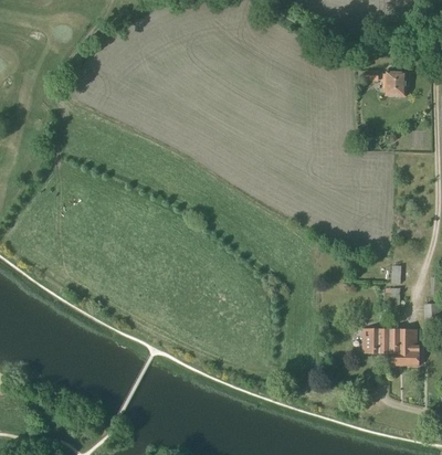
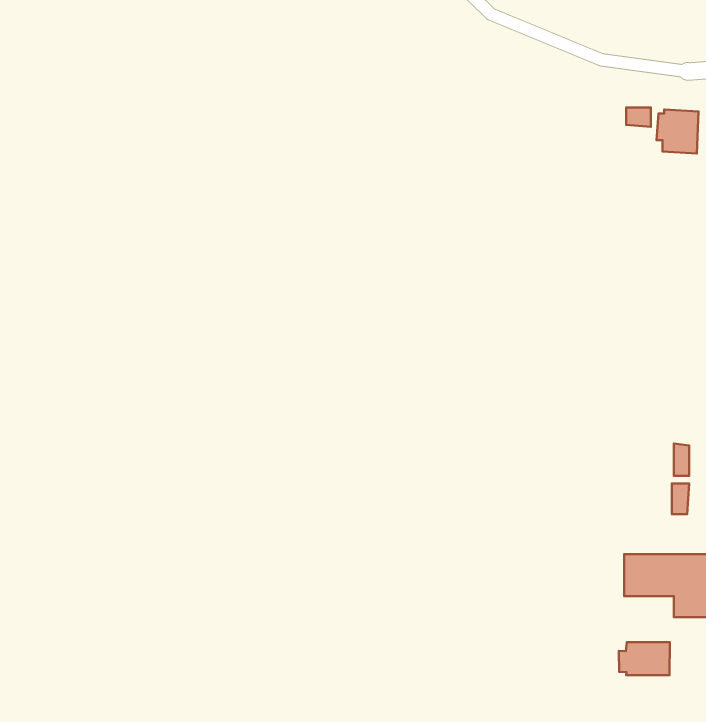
building: none -> [619,642,670,675]

